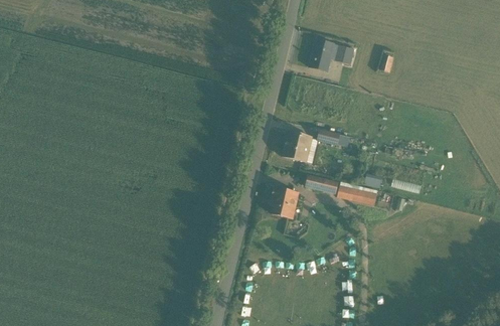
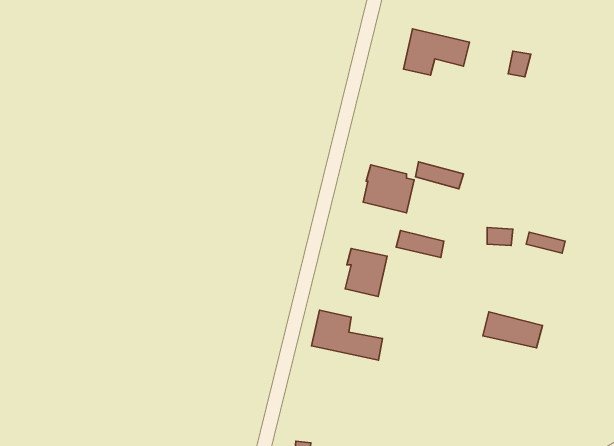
building: [337,180,377,204] -> [483,312,543,348]
building: none -> [312,310,383,360]

